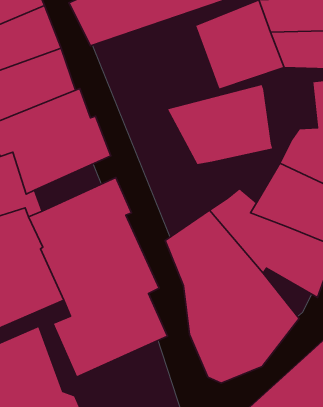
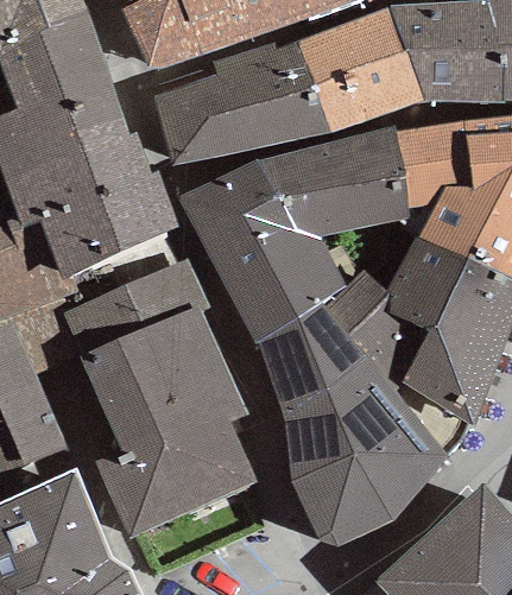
building: none -> [152,42,331,167]
building: none -> [396,121,472,208]
building: none -> [177,159,343,346]

